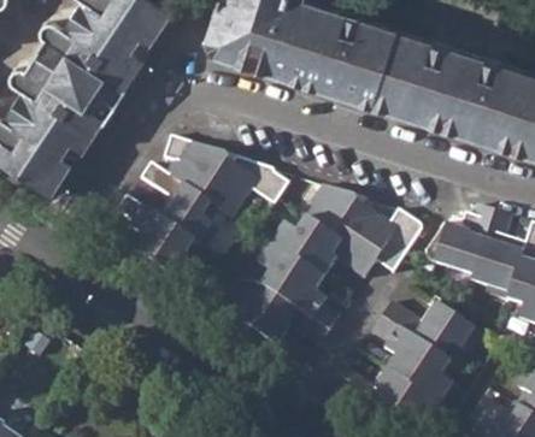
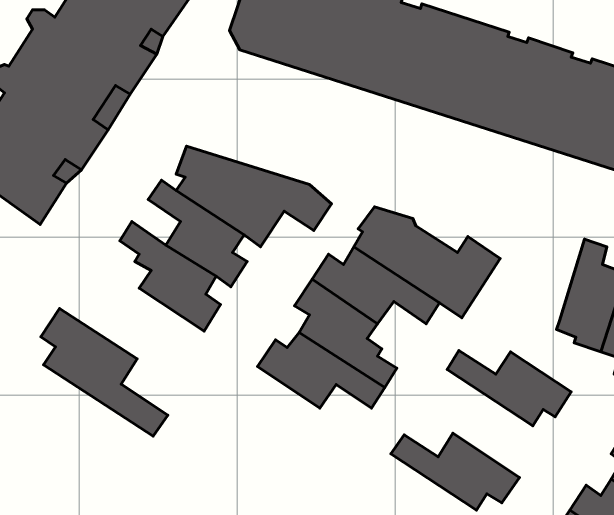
building: [422,203,494,276] -> none
building: none -> [41,309,168,436]
building: [372,315,454,403] -> none

